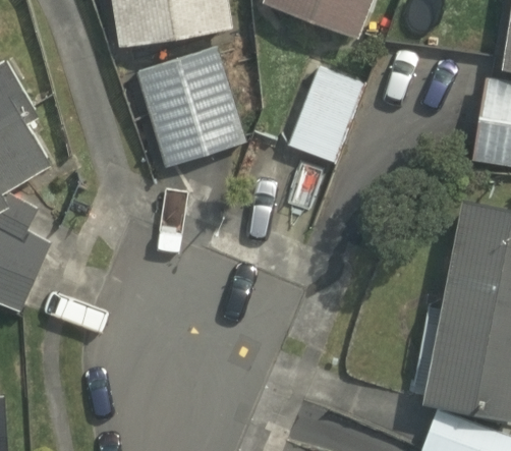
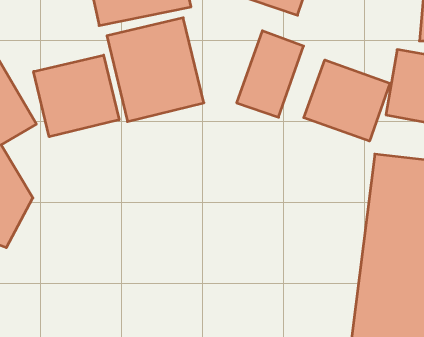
building: none -> [34,55,119,137]
building: none -> [304,60,390,141]

